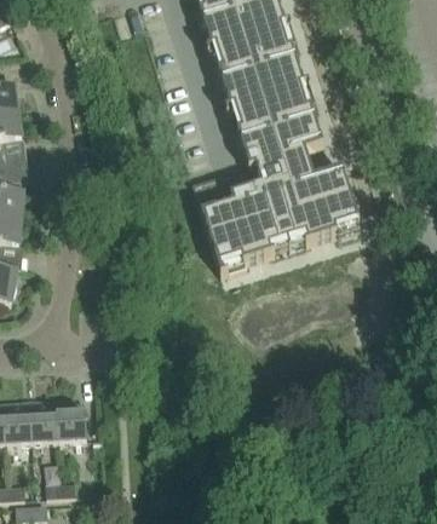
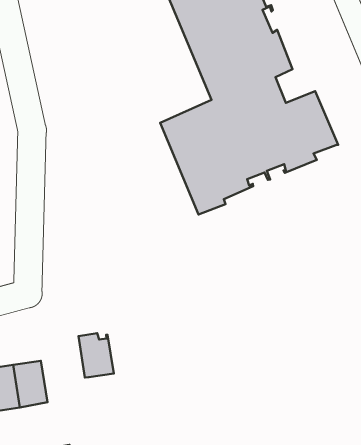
building: [58,398,88,439] -> [78,333,114,378]

